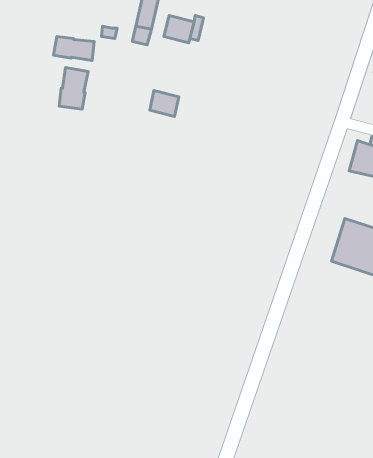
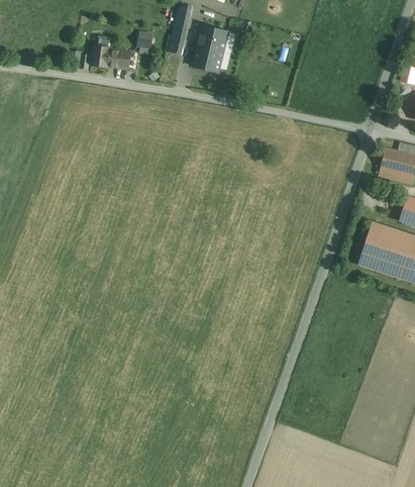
building: [59,68,88,109] -> none
building: [150,90,179,116] -> [193,45,221,71]

